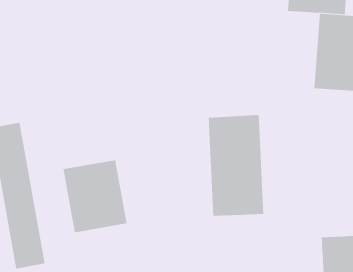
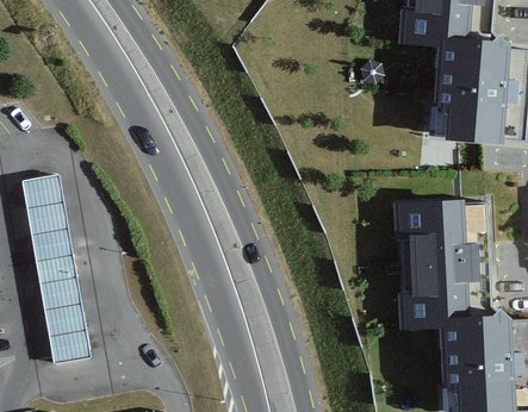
building: [208,115,264,216] -> [399,200,471,329]
building: [63,159,127,233] -> none

